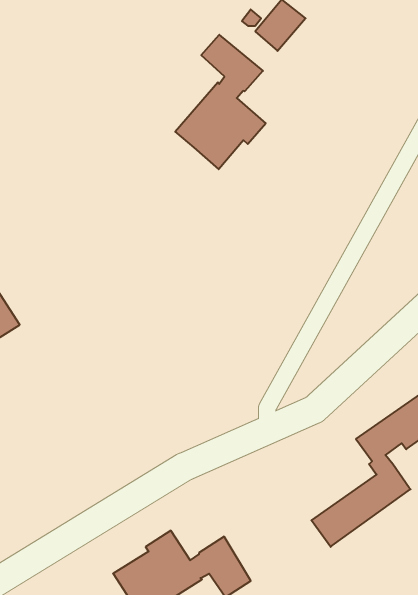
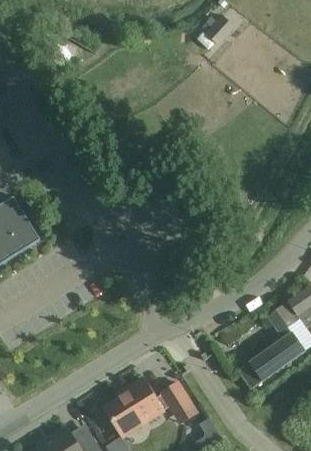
building: [175,35,266,169] -> none

